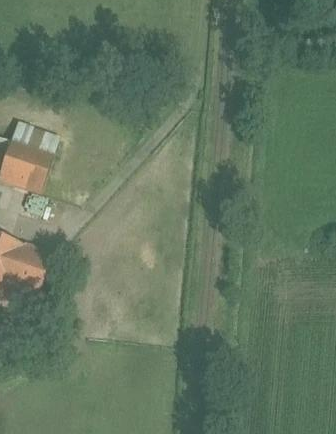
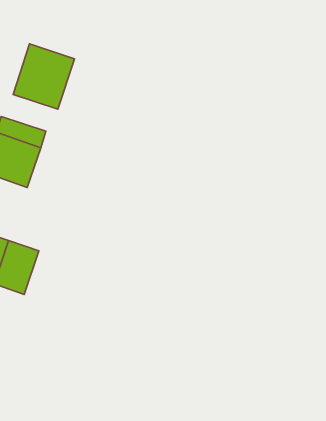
building: none -> [13,44,74,109]

